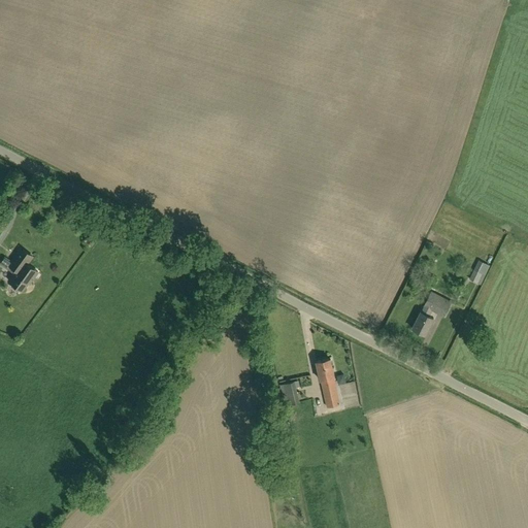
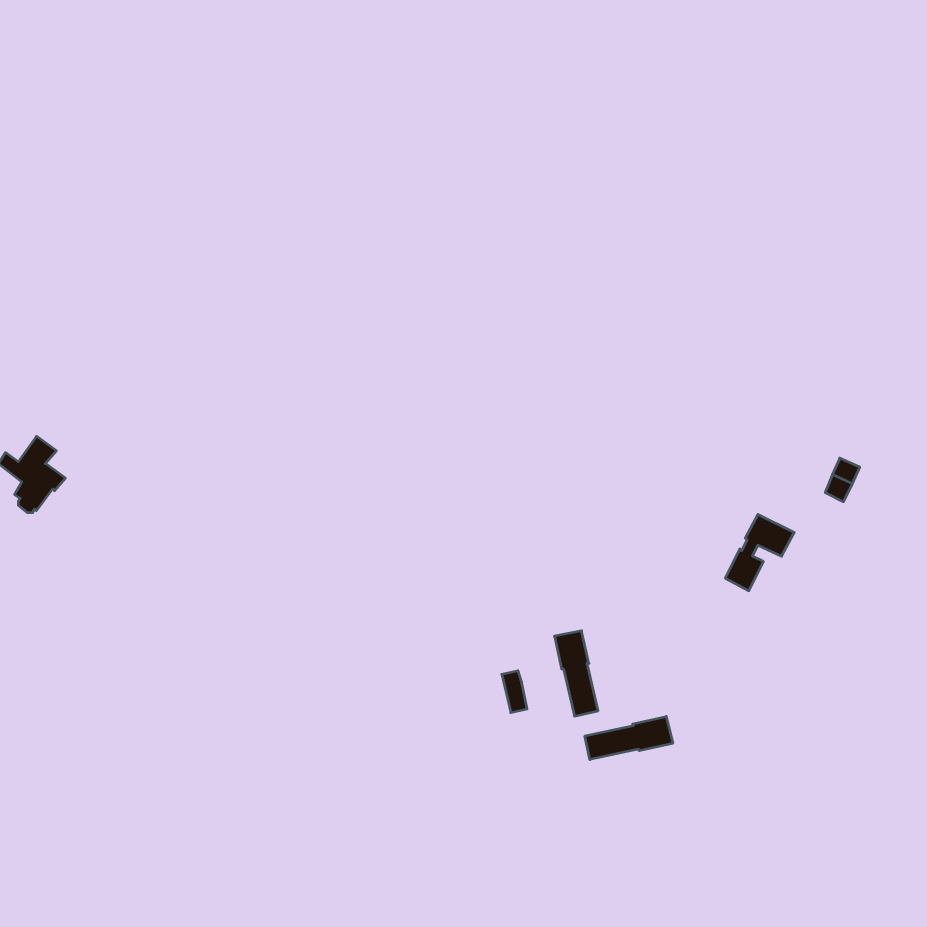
building: none -> [585,716,673,760]

